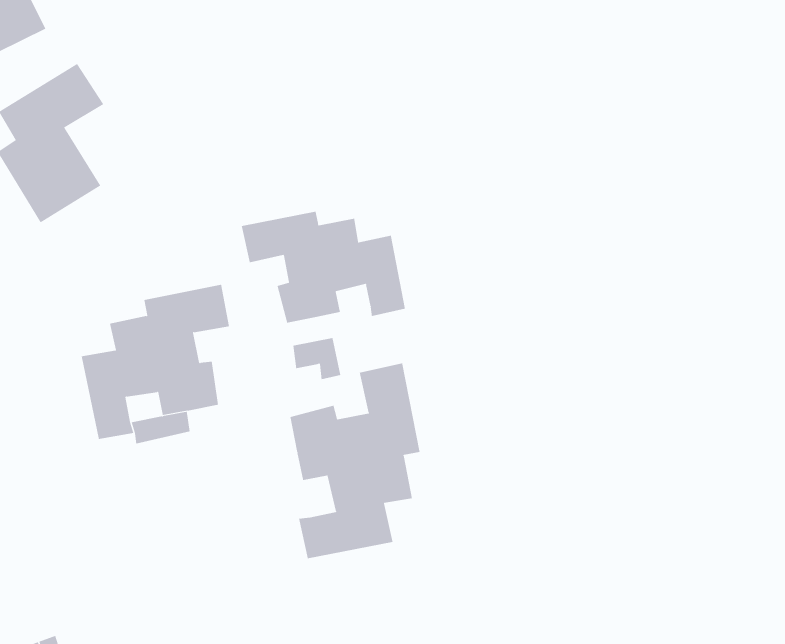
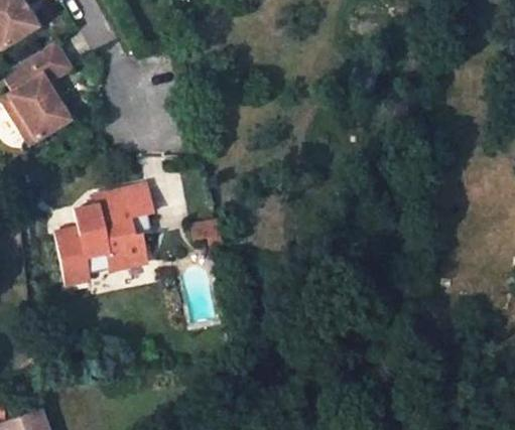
building: [241,211,405,324] -> none
building: [290,363,420,559] -> none

